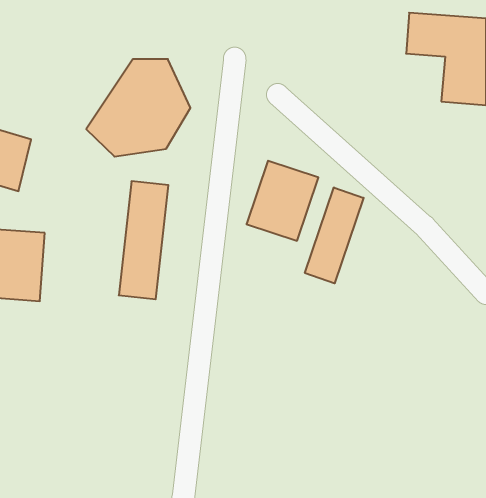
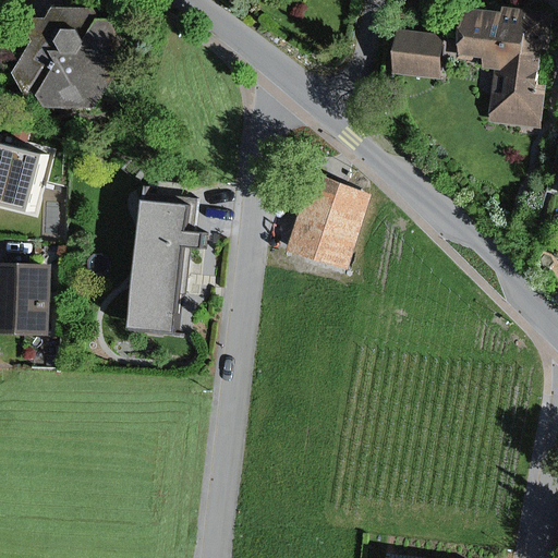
building: none -> [391,26,445,77]
building: [86,59,190,157] -> [9,4,125,113]
building: [305,187,364,283] -> none

